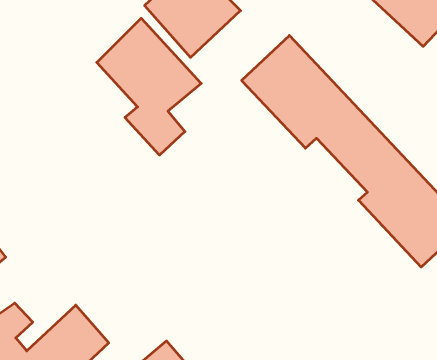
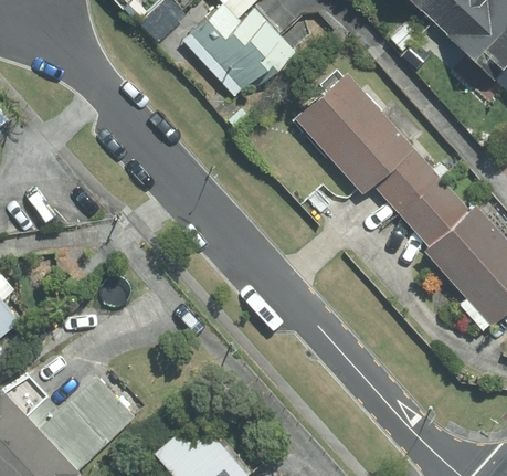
building: [97,18,201,155] -> none

